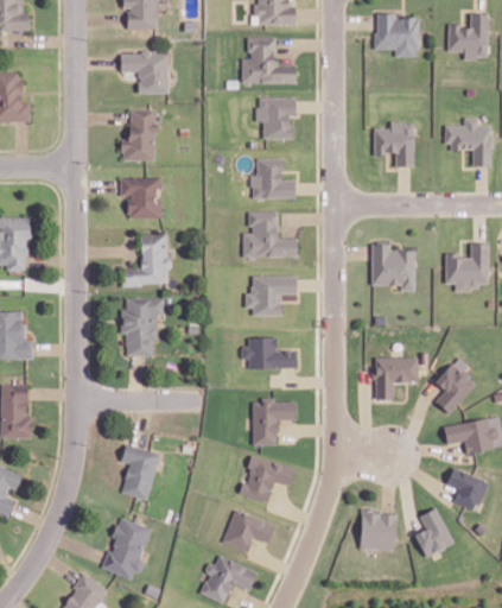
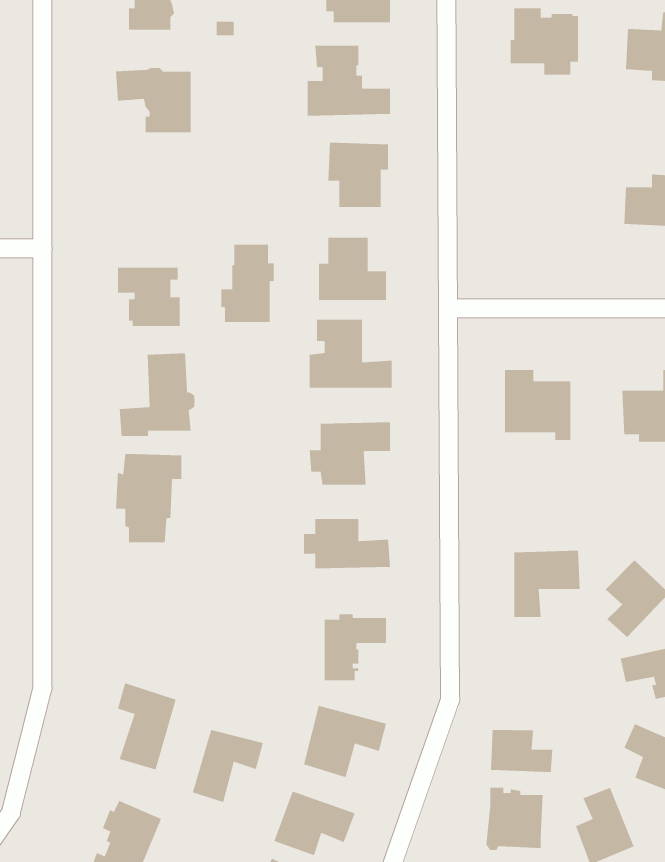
building: [123,110,158,160] -> [220,244,274,323]
building: [374,124,413,167] -> none
building: none -> [192,729,264,803]
building: none -> [490,729,553,773]

